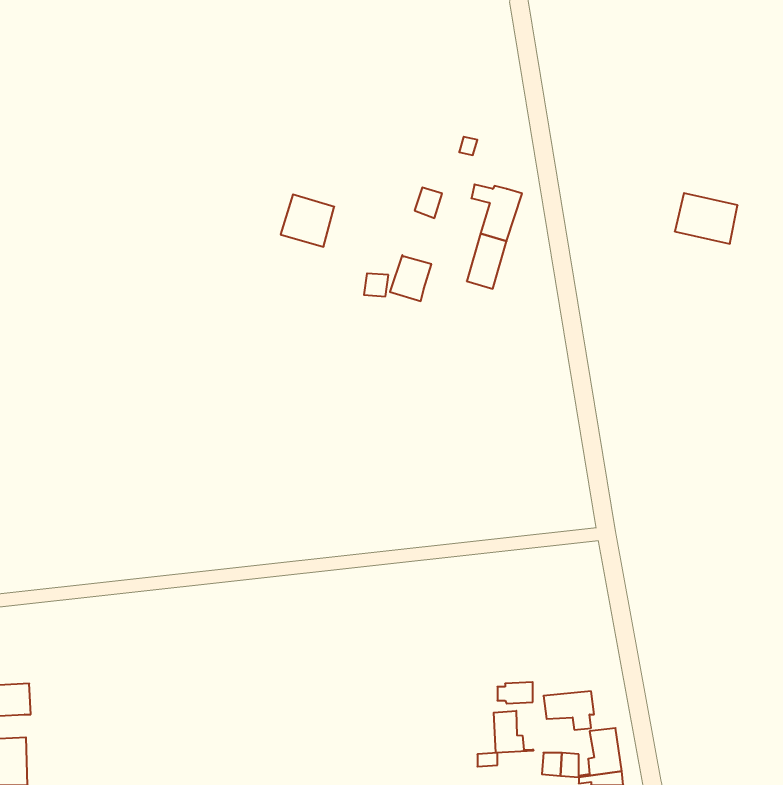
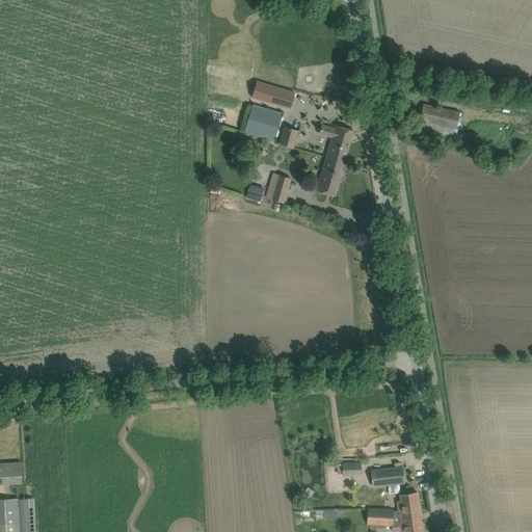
building: none -> [251,81,294,108]
building: [675,193,738,244] -> [417,104,459,138]
building: [281,194,334,247] -> [244,105,281,140]
building: [494,711,533,753] -> none

